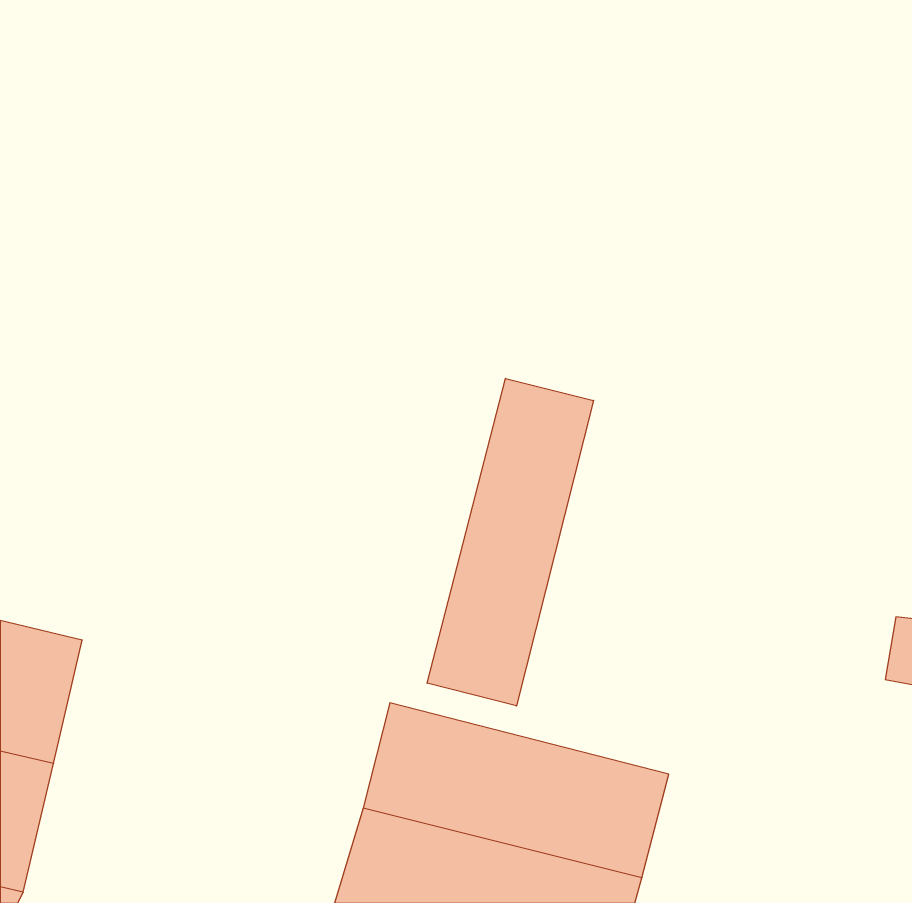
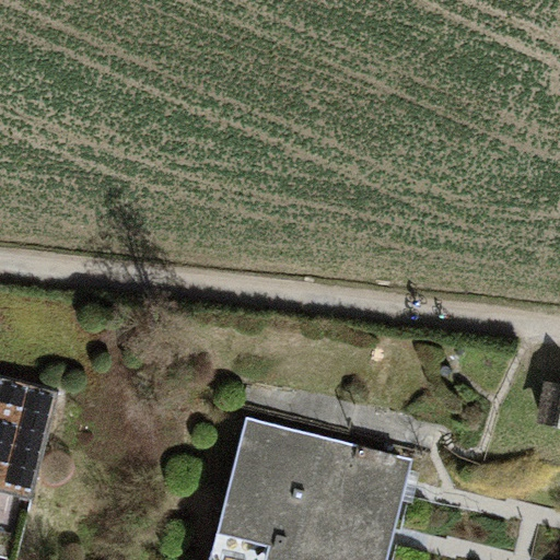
building: [427,378,594,706] -> none

